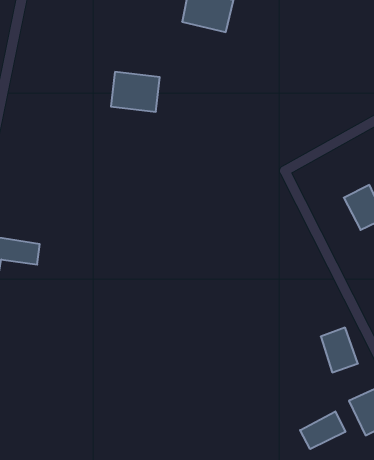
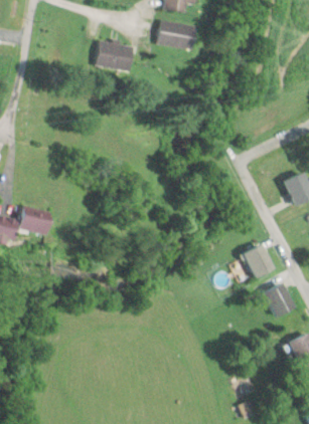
building: [111,72,160,112] -> [96,41,134,72]
building: none -> [243,244,275,279]
building: [300,411,345,449] -> none

